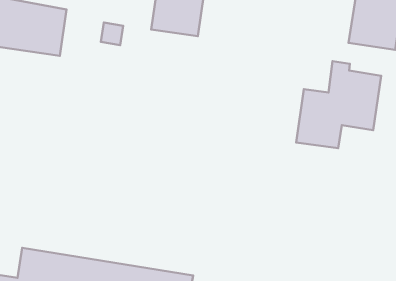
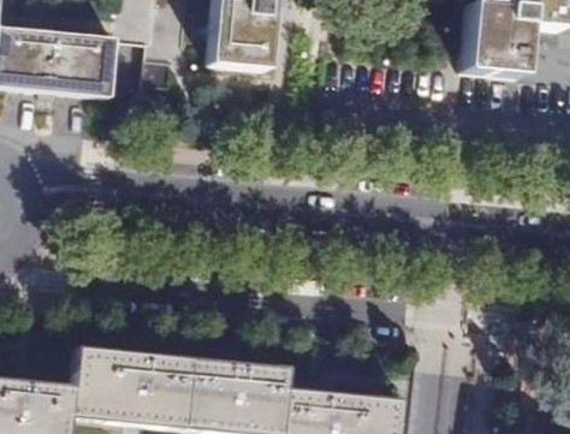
building: [296,61,381,148] -> none

